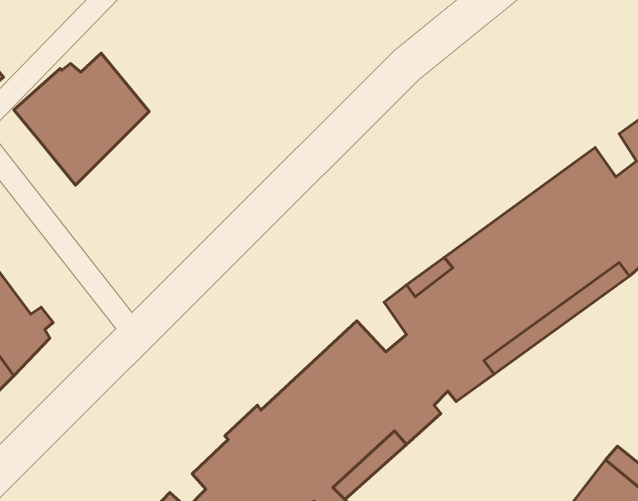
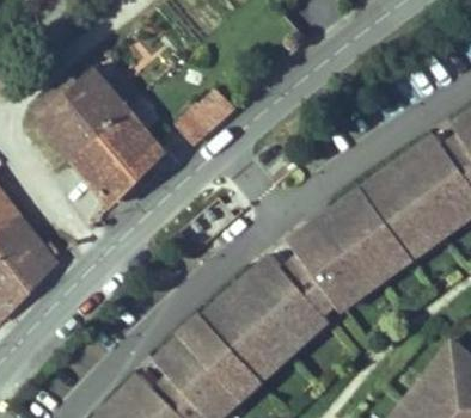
building: none -> [175,88,234,143]
building: none -> [73,109,165,207]

